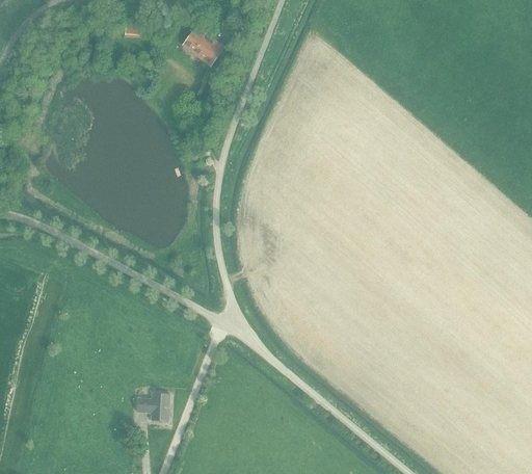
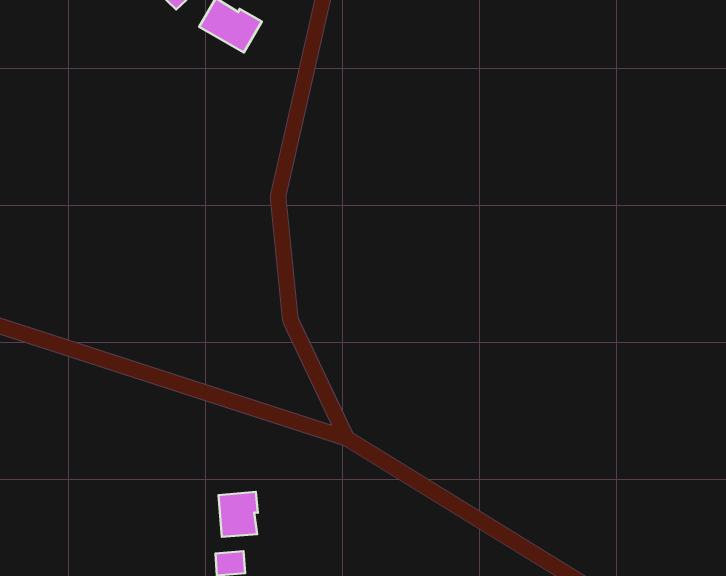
building: none -> [218,492,258,537]

